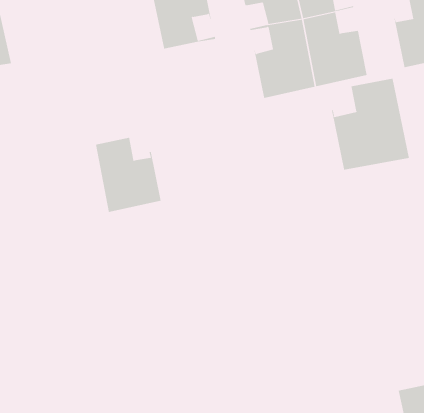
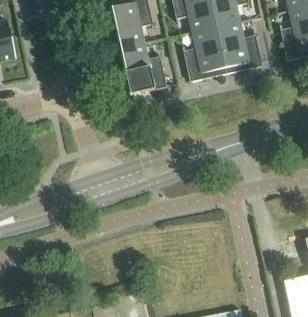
building: [332,78,410,170] -> none
building: [95,137,162,212] -> [120,42,166,94]

